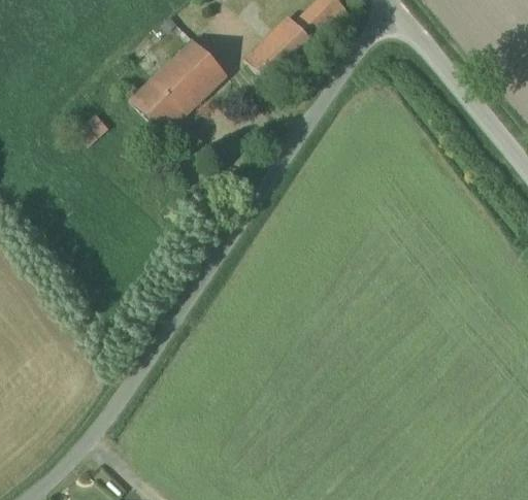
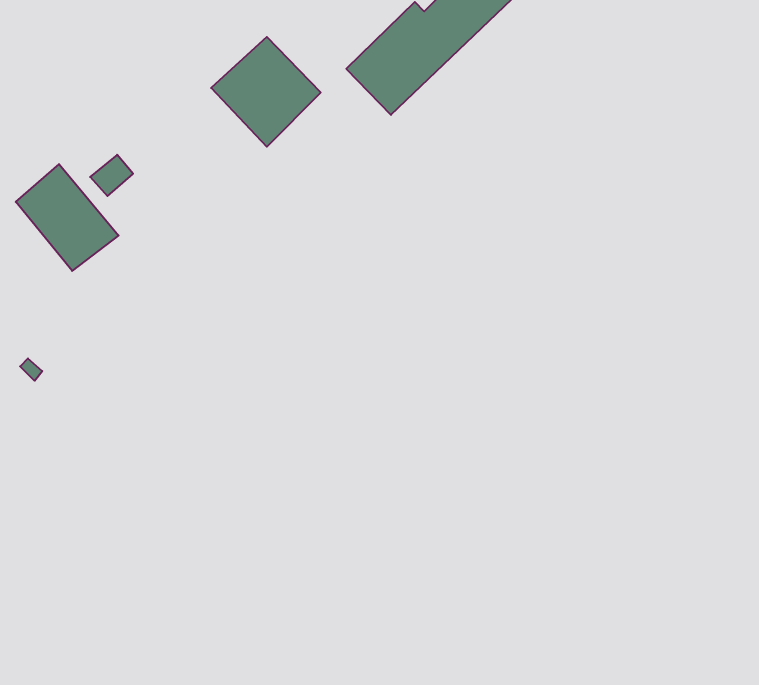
building: [129,69,193,133] -> none
building: none -> [16,164,119,271]

